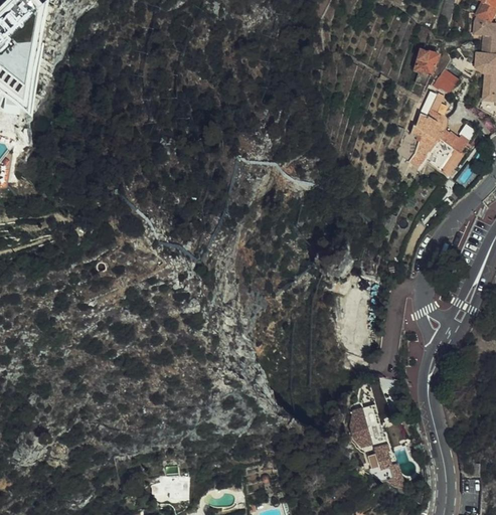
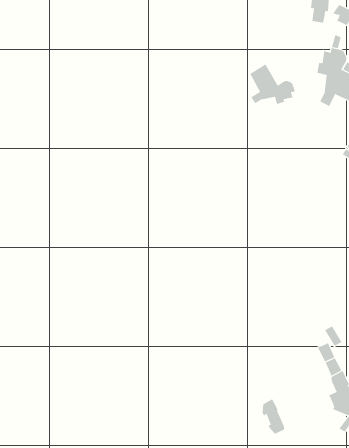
building: none -> [249,64,295,105]
building: [350,411,370,448] -> [262,398,285,434]

